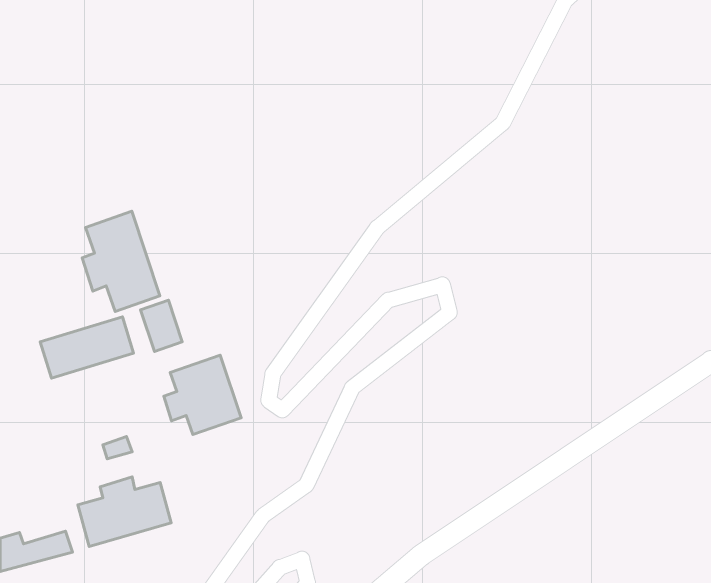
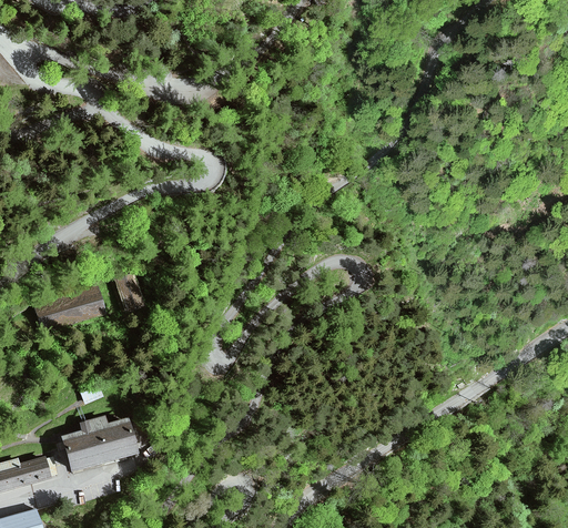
building: [82,211,160,311] -> none
building: [164,355,241,434] -> none

